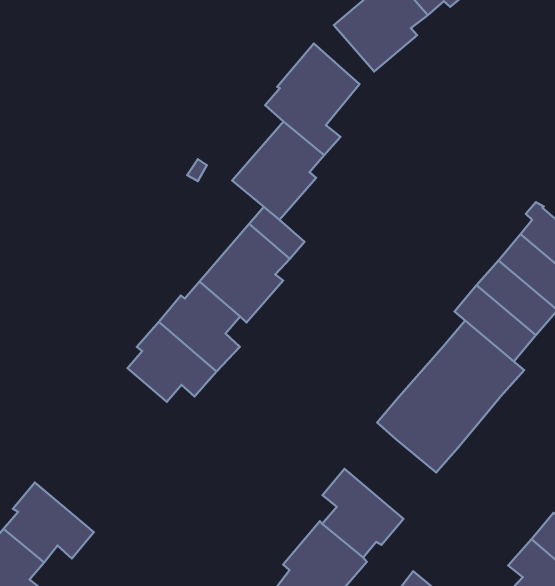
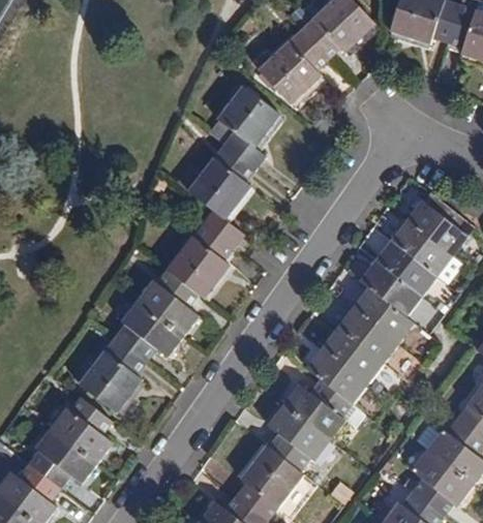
building: none -> [79,338,146,412]
building: none -> [282,380,352,440]
building: none -> [50,397,112,463]

